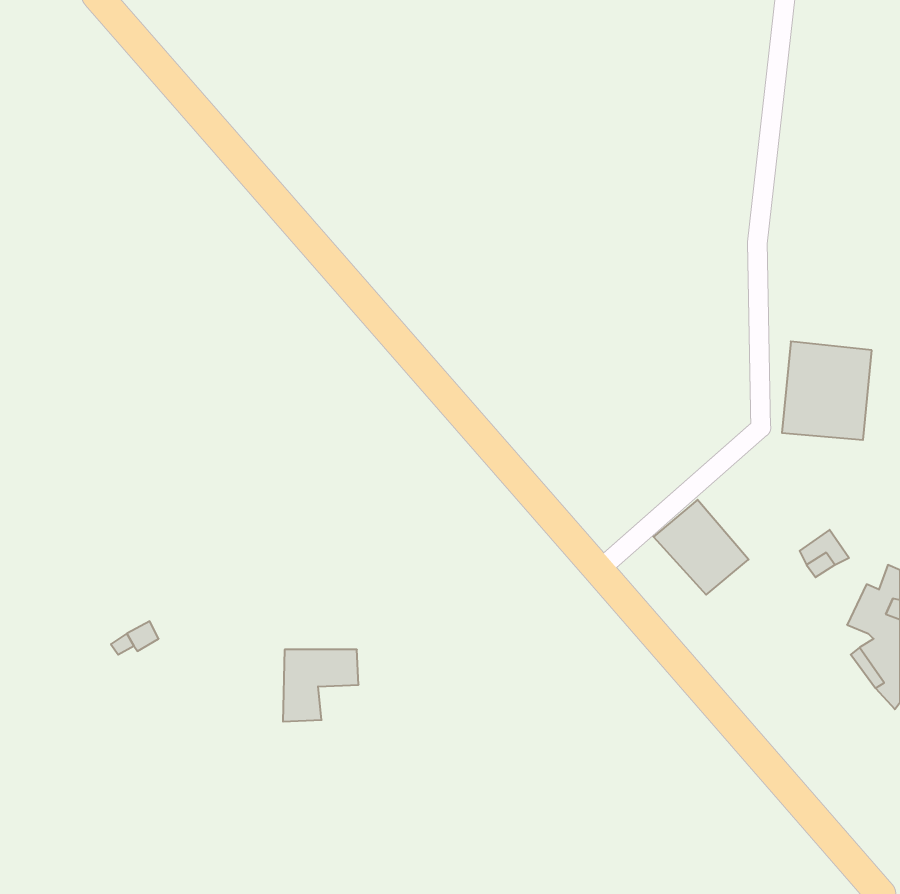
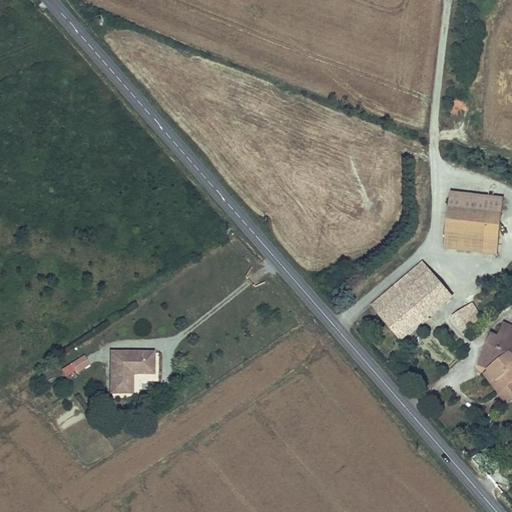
building: none -> [396,262,451,318]
building: [283,650,359,722] -> [111,350,154,391]

